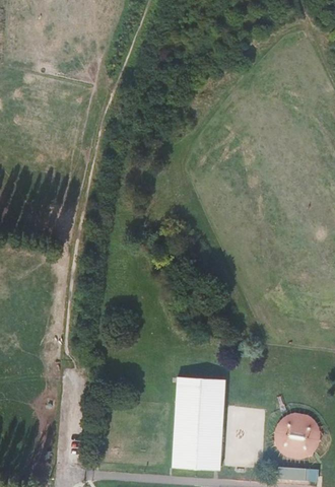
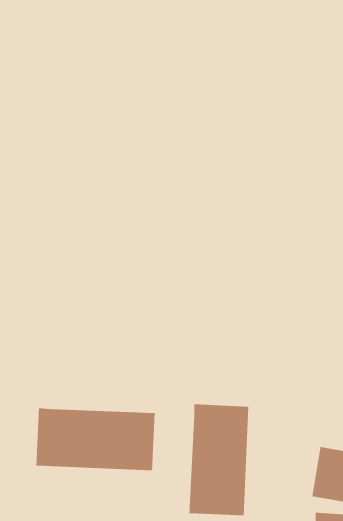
building: none -> [36,407,155,471]

